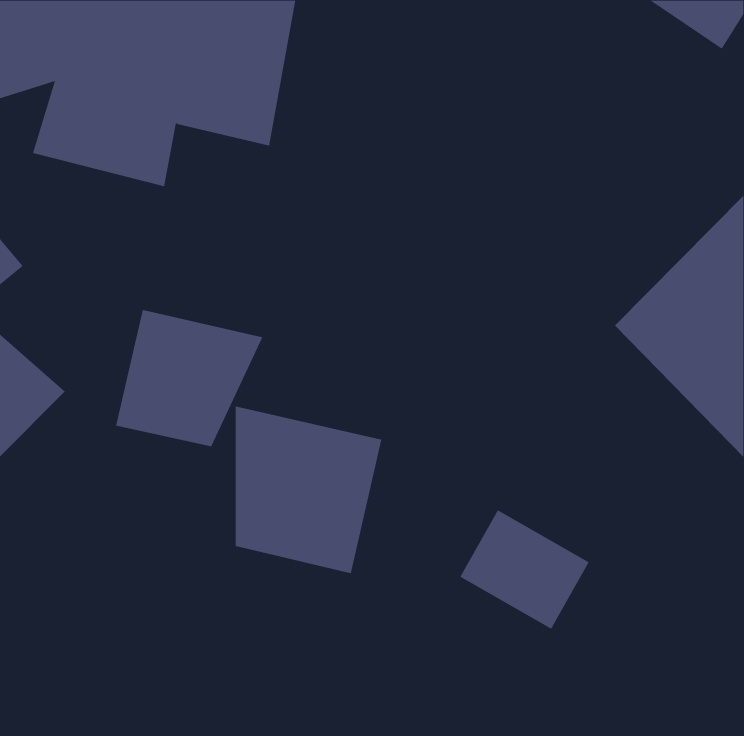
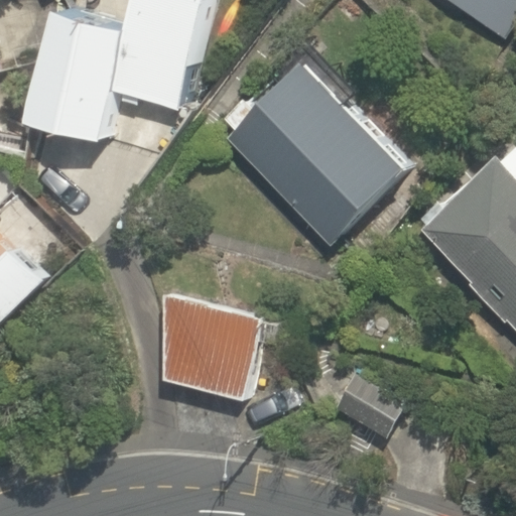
building: none -> [225,56,419,251]
building: [116,309,263,447] -> none

